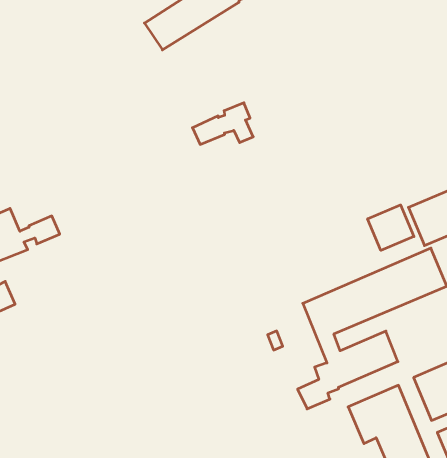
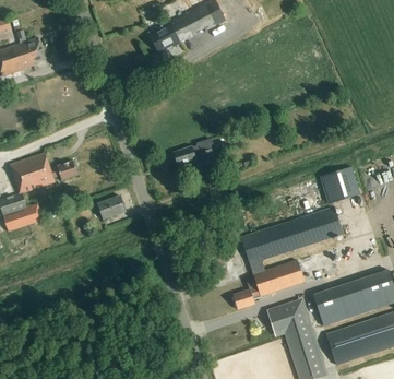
building: [192,103,253,144] -> [174,138,215,165]
building: [368,205,414,250] -> none
building: none -> [95,194,126,220]

